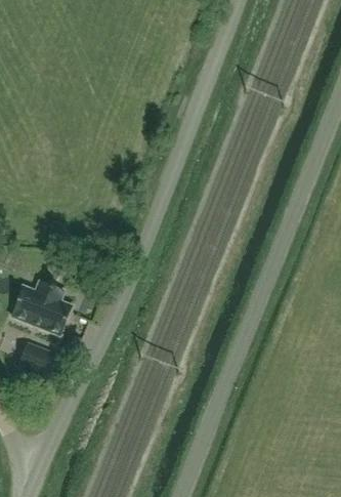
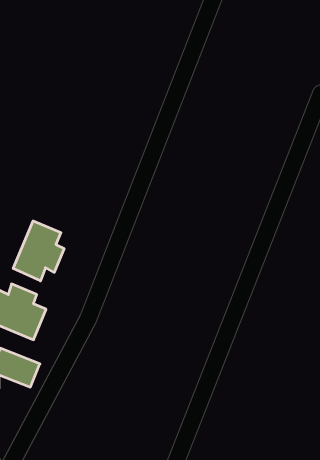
building: none -> [13,221,64,281]

